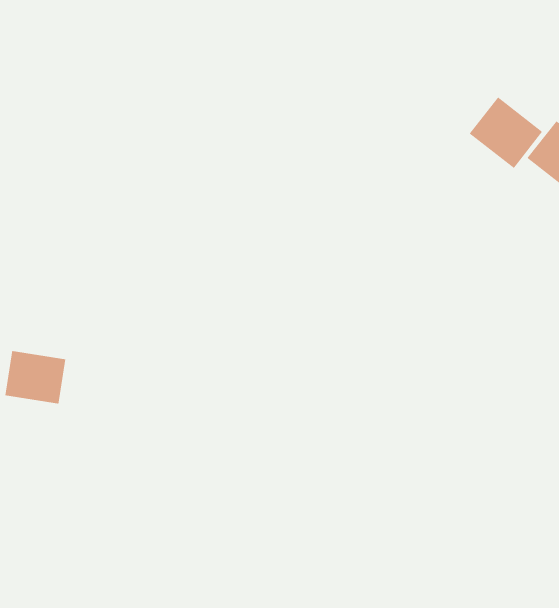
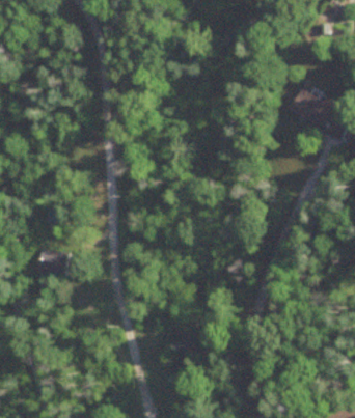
building: [469,96,543,169] -> none

